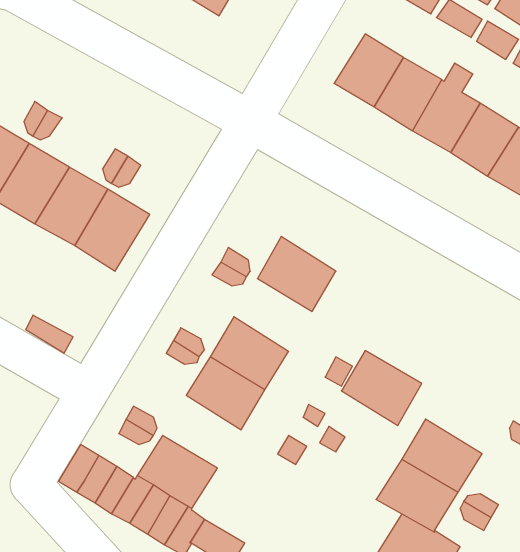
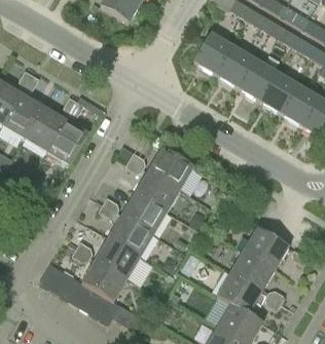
building: none -> [136,169,180,211]
building: [341,351,422,425] -> [244,226,289,268]
building: none -> [96,235,140,276]

